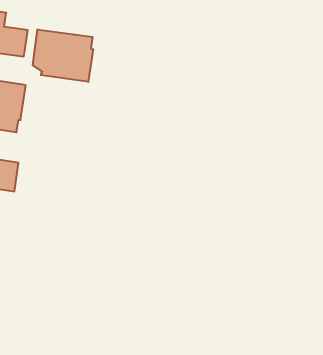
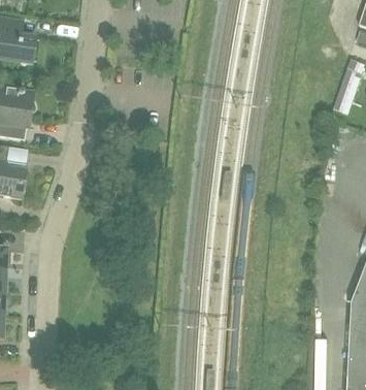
building: [33,29,93,82] -> none

